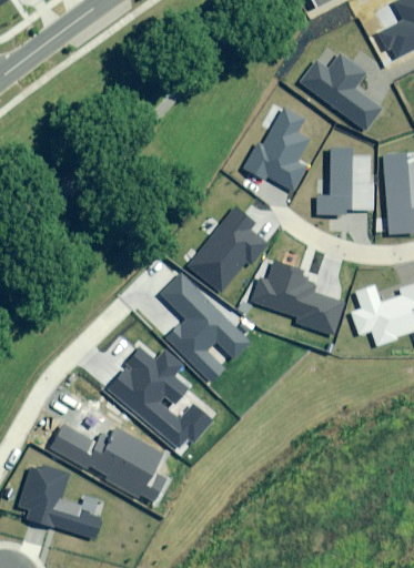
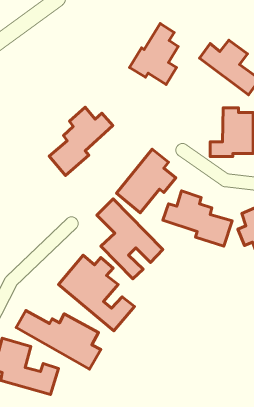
building: [242,108,309,191] -> [129,24,178,85]
building: none -> [49,107,113,176]

